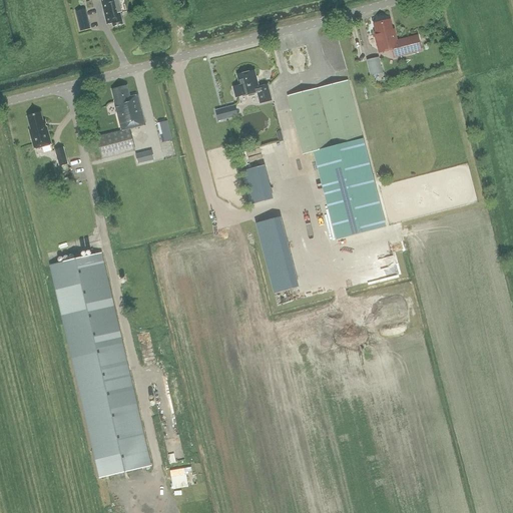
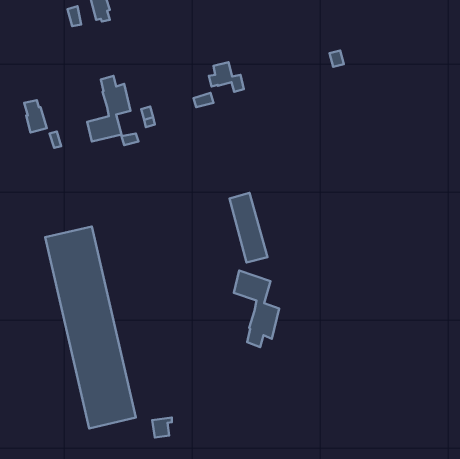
building: [375,19,421,54] -> none
building: [288,79,386,236] -> none
building: [241,163,273,202] -> none
building: none -> [234,270,279,347]

